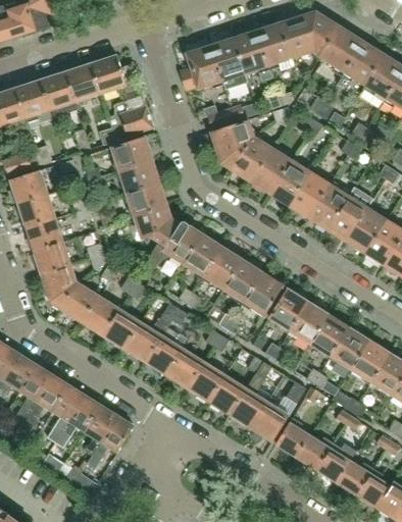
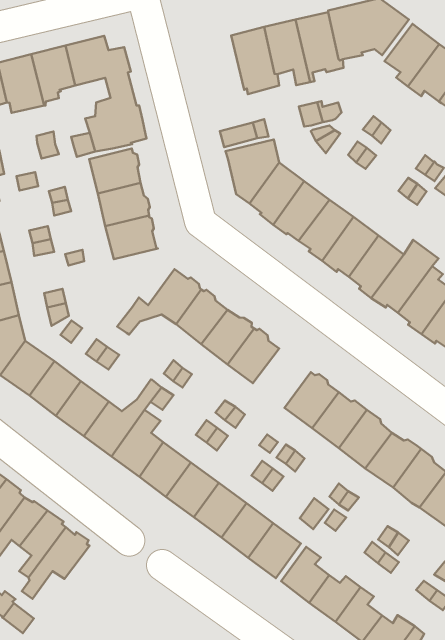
building: [179,48,221,92] -> none
building: [136,207,179,249] -> none
building: [244,273,282,313] -> none

